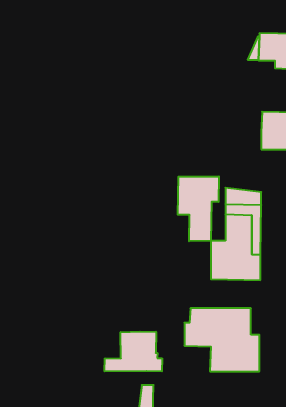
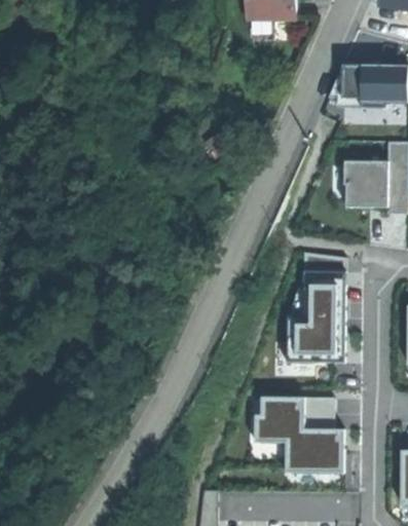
building: [178,176,219,241] -> none
building: [105,332,162,371] -> none

